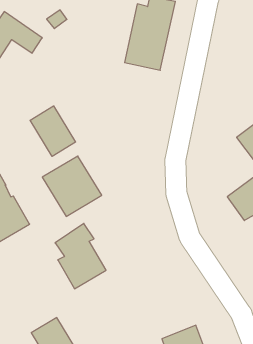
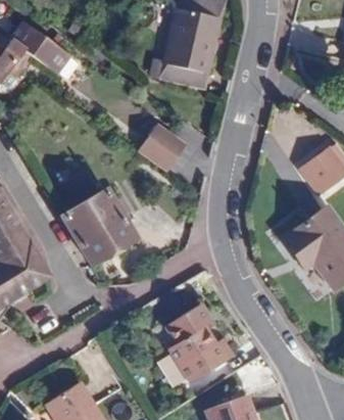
building: none -> [133,122,185,173]
building: [30,106,76,156] -> none
building: [55,223,106,289] -> [166,304,228,382]

